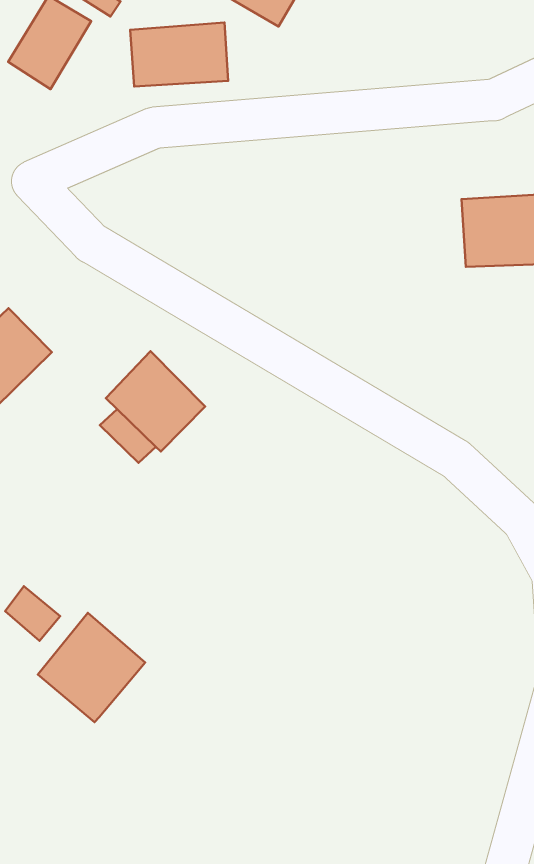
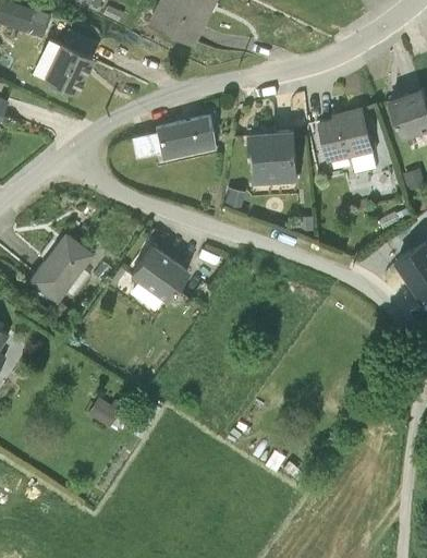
building: [130,23,228,87] -> [155,118,217,163]
building: none -> [248,133,297,189]
building: [38,613,145,722] -> none

